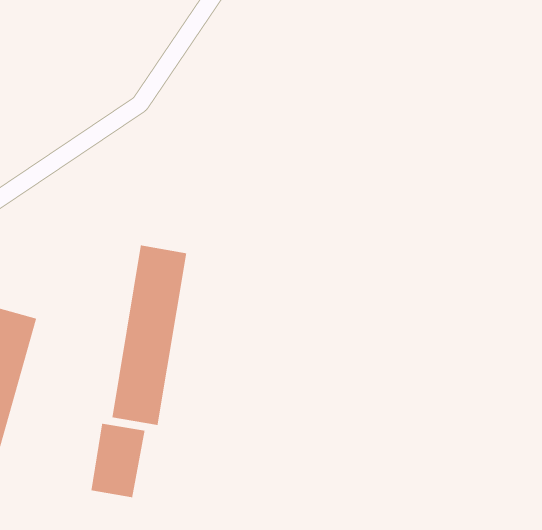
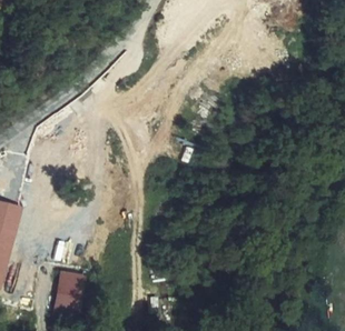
building: [111,245,187,426] -> none

